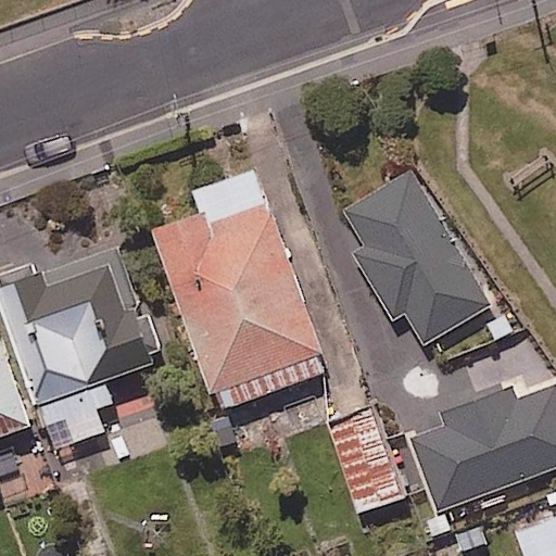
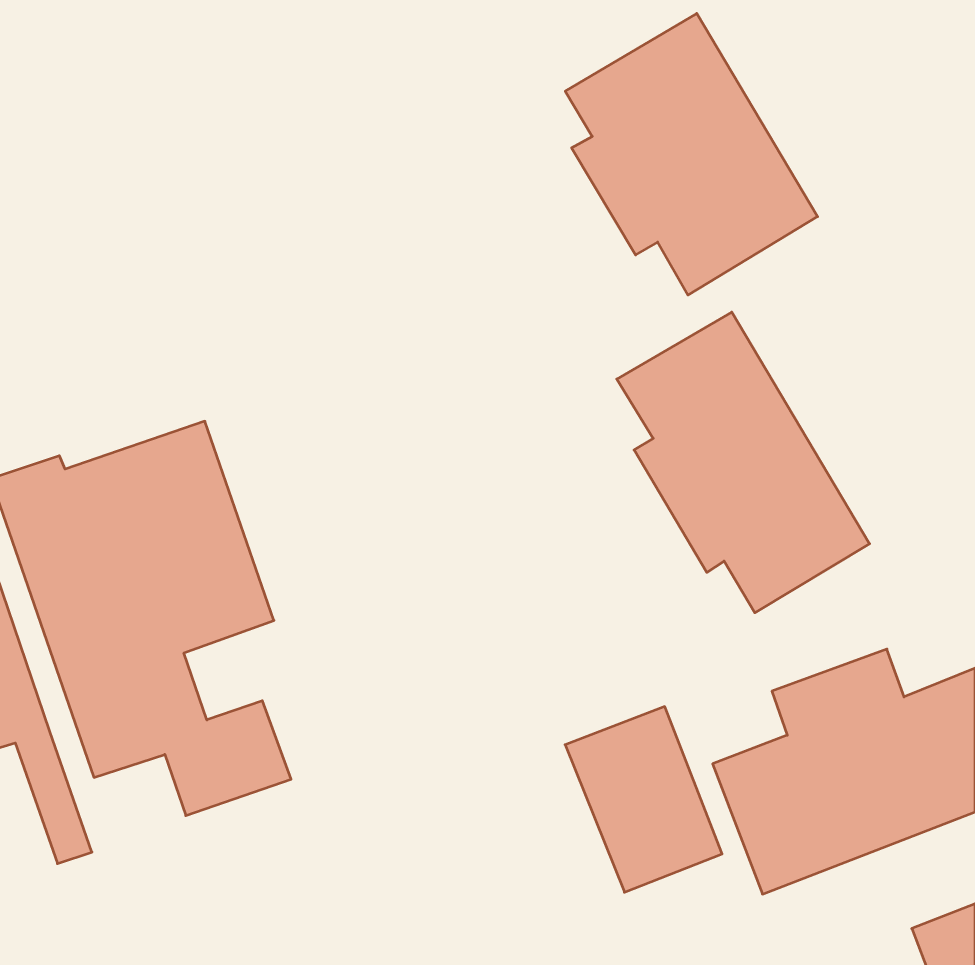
building: none -> [565,13,818,295]
building: [151,169,327,409] -> none

